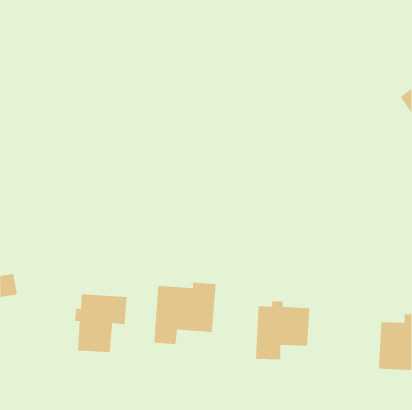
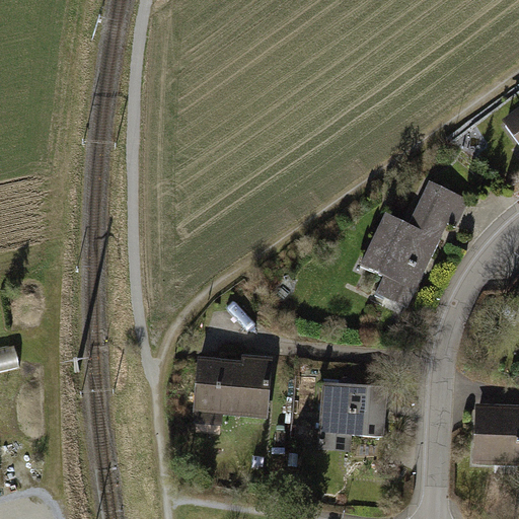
building: none -> [358,181,469,324]
building: [74,293,127,353] -> none

